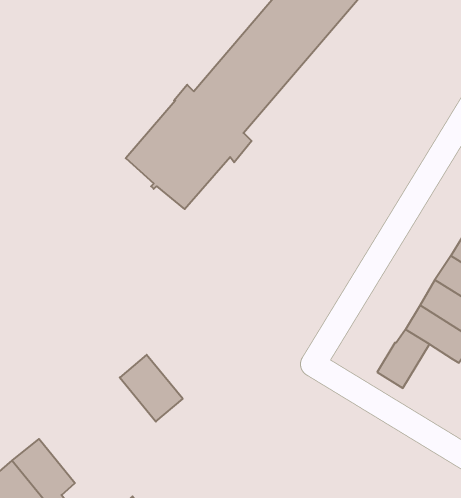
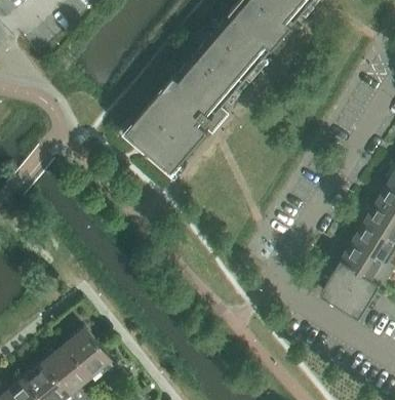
building: none -> [341,271,379,316]
building: [120,355,183,422] -> [62,326,110,377]

